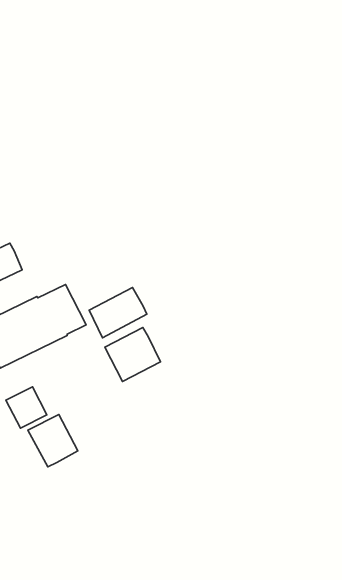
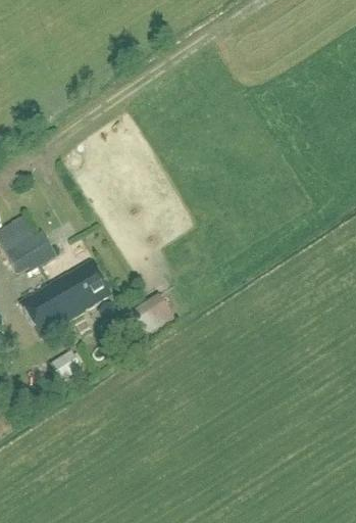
building: [89,288,147,338] -> none
building: [28,415,78,467] -> none

